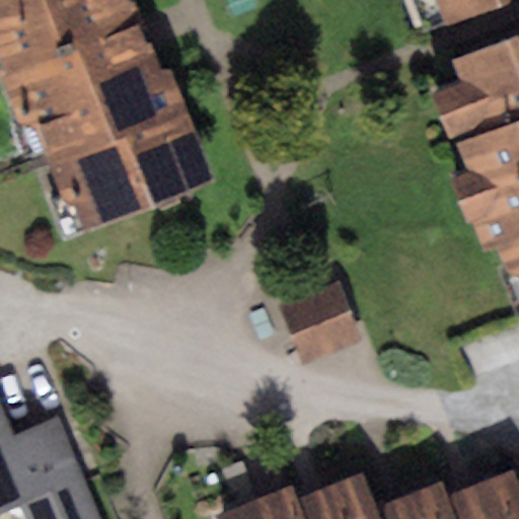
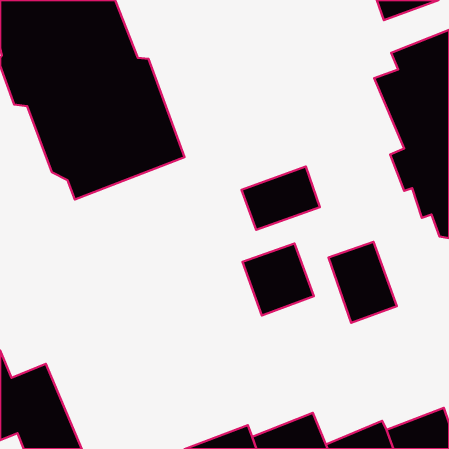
building: none -> [241,166,320,230]
building: none -> [328,242,397,323]

